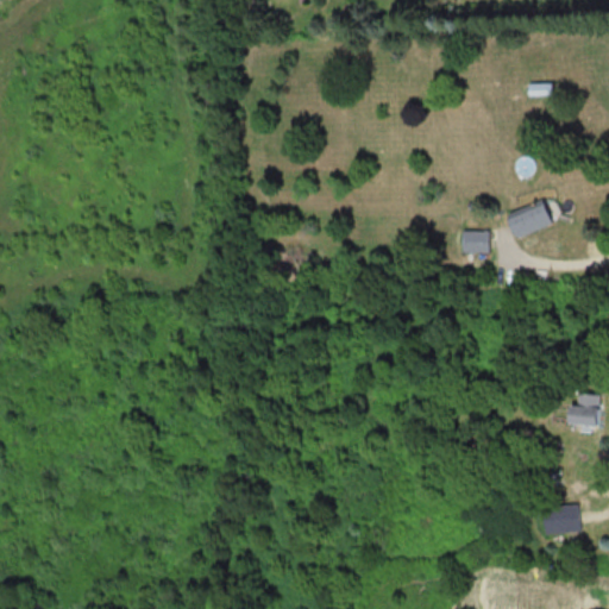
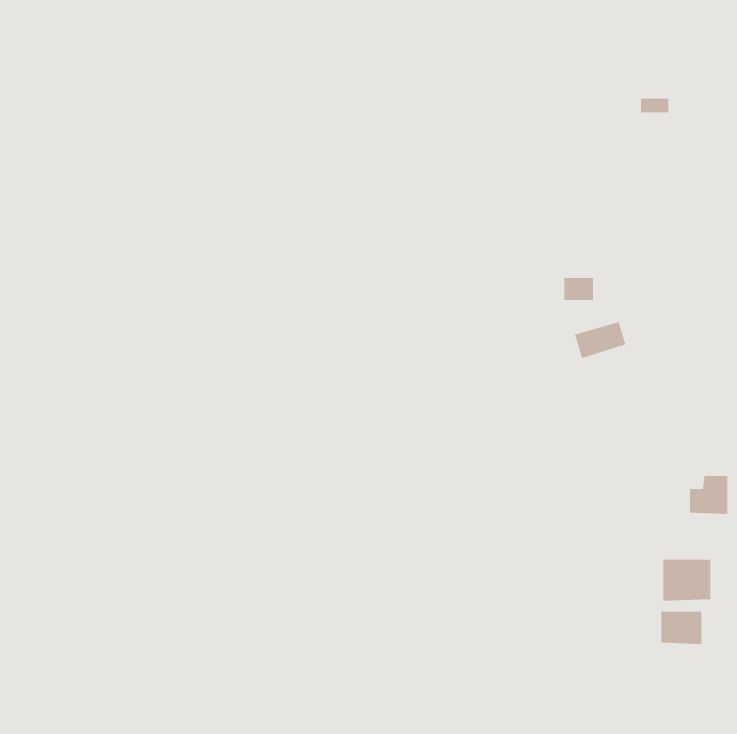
building: [508,207,551,238] -> [574,321,626,359]
building: none -> [663,559,711,602]

